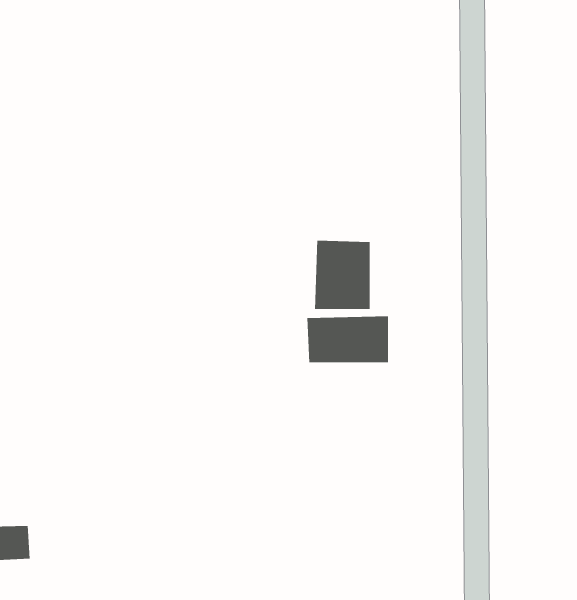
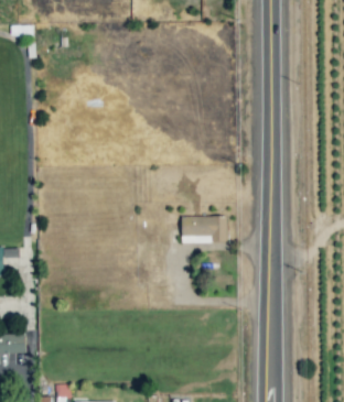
building: [314,240,370,310] -> none

